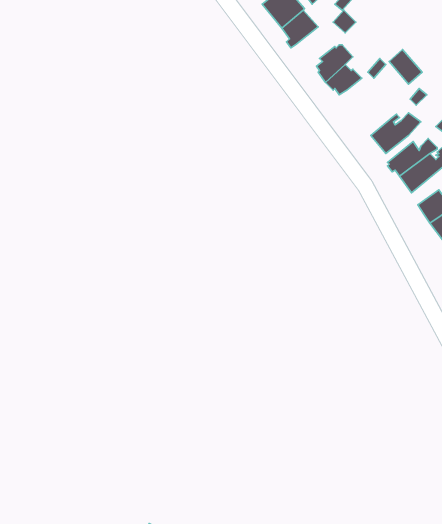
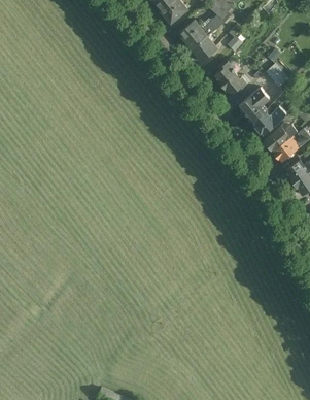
building: none -> [239,87,271,122]

